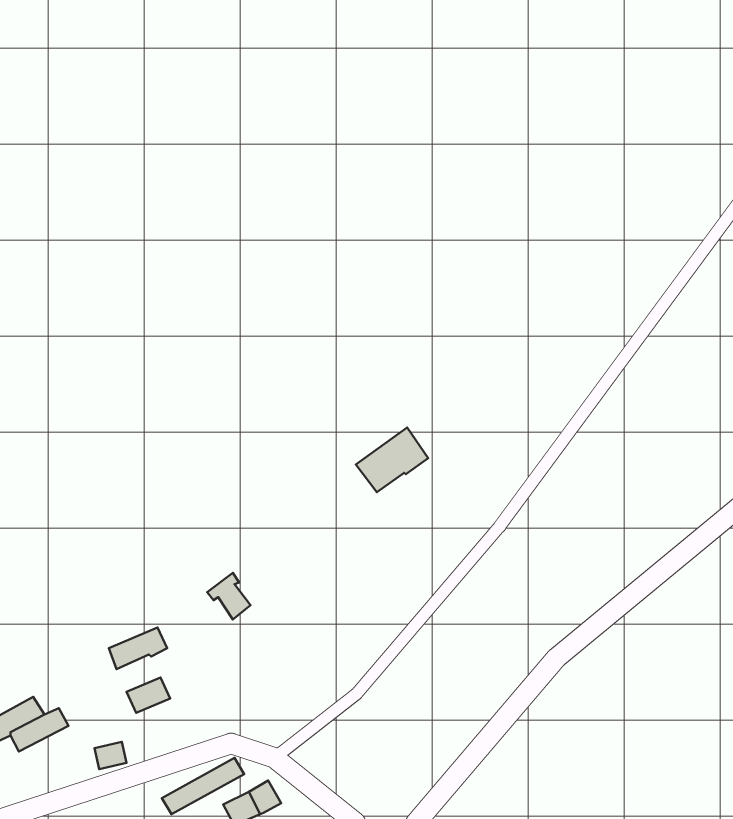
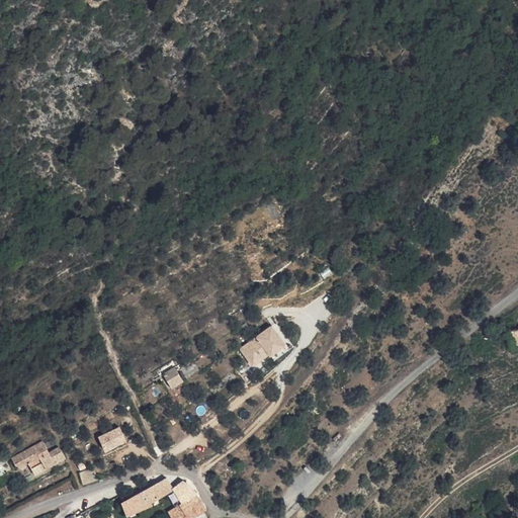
building: [356,428,428,492] -> [241,327,286,367]
building: [109,627,167,669] -> none

